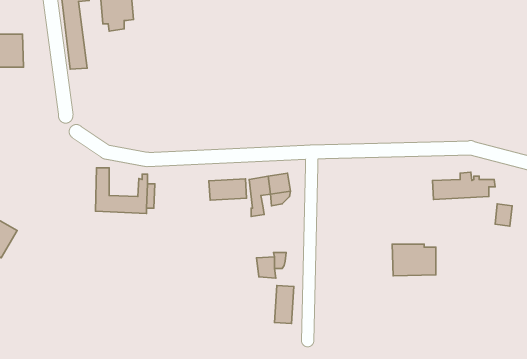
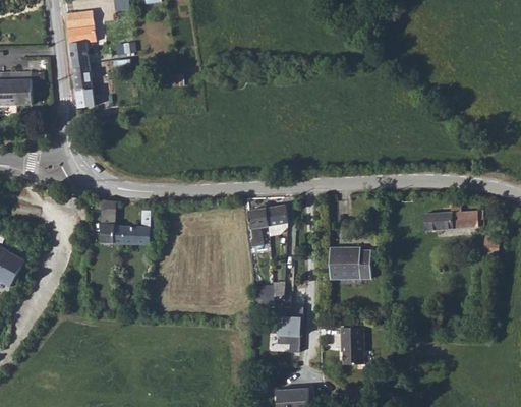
building: [209,179,247,200] -> none
building: [392,244,436,276] -> [330,248,371,279]
building: none -> [340,326,363,362]

